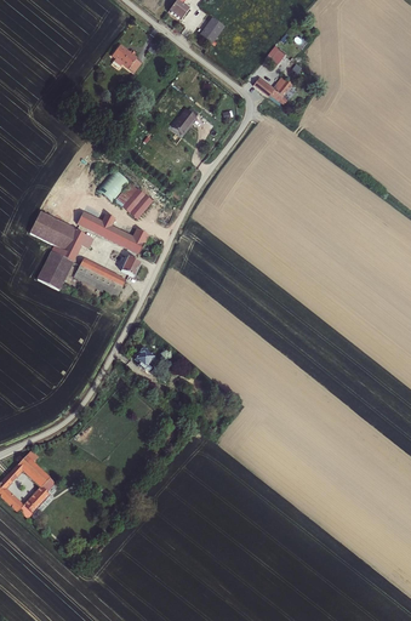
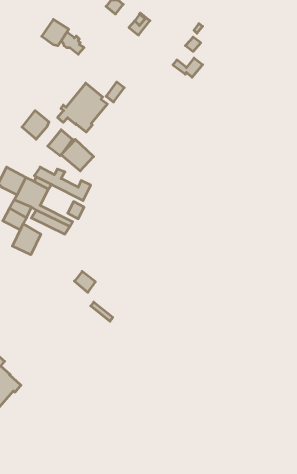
building: none -> [42,19,69,46]
building: none -> [58,83,107,132]
building: none -> [22,111,49,139]
building: none -> [12,224,41,255]

